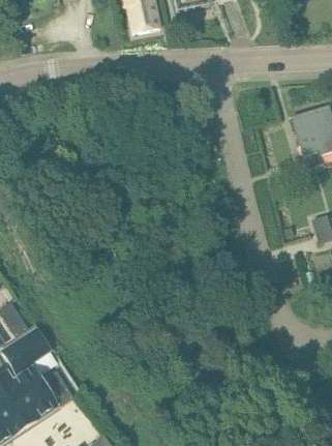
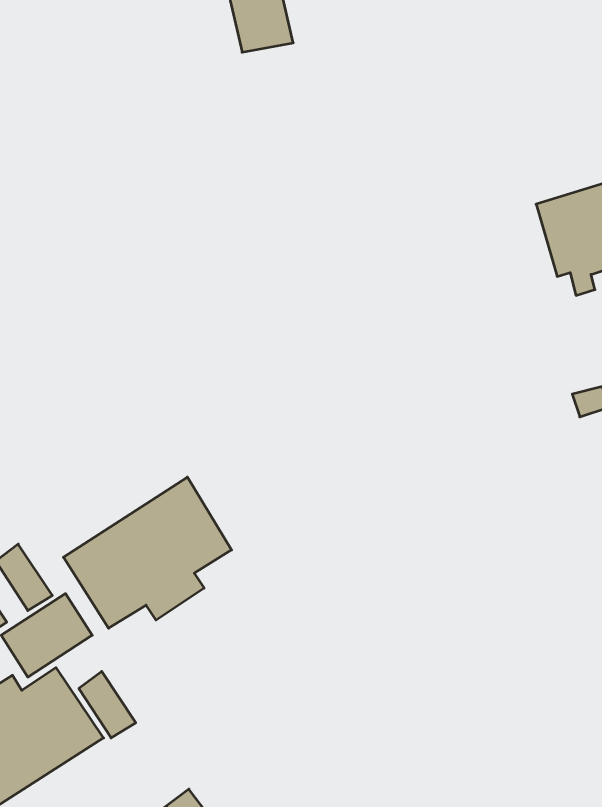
building: none -> [63,477,232,628]

